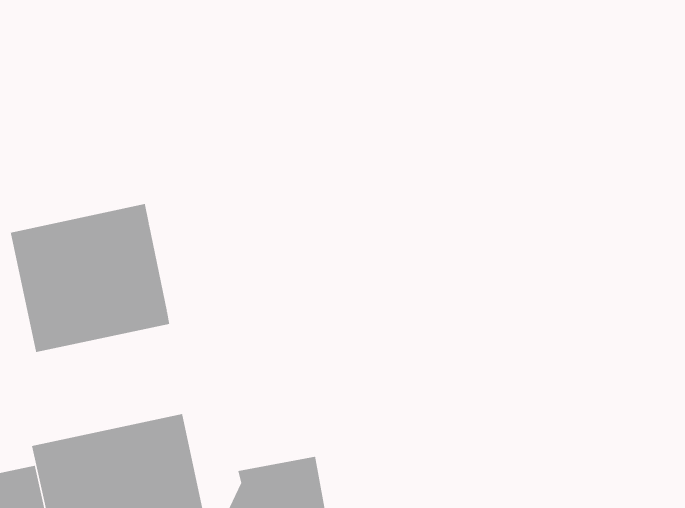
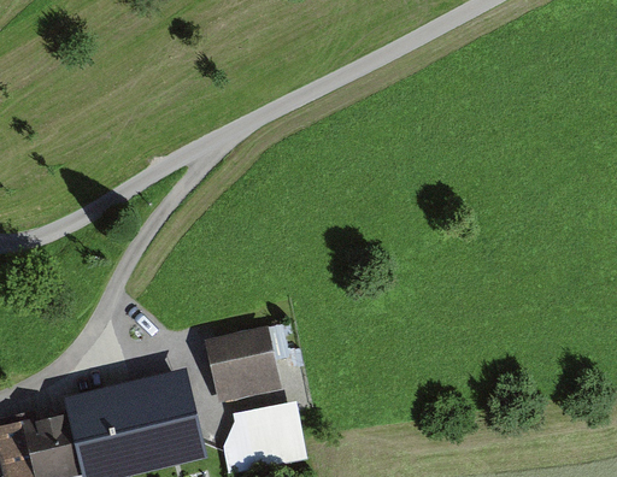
building: [10,203,170,353] -> none
building: none -> [204,326,281,405]

